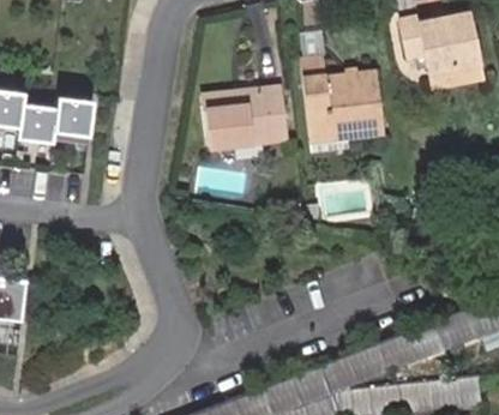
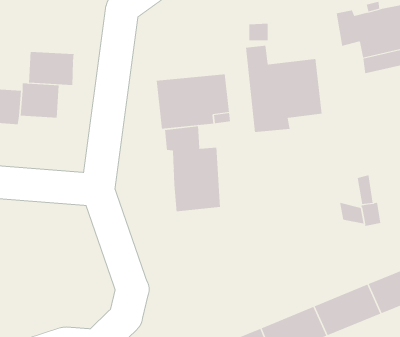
building: none -> [29,51,74,86]
building: none -> [165,125,221,212]

